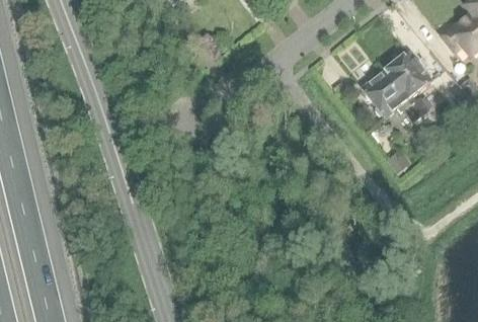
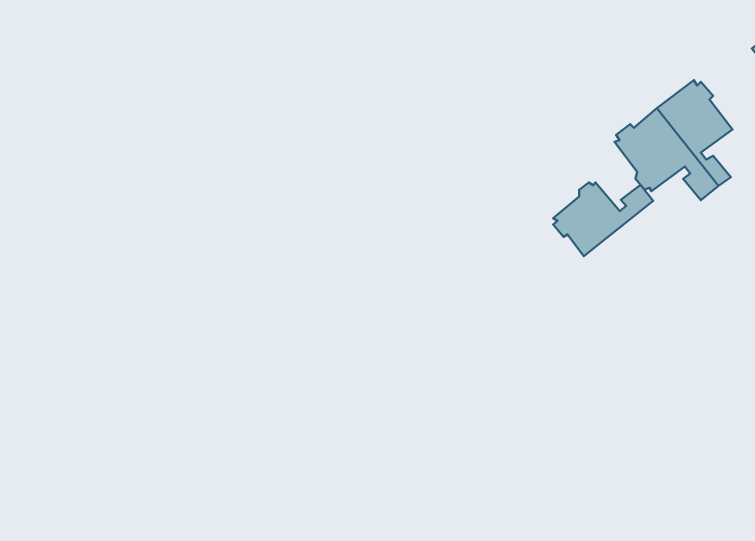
building: none -> [553,182,653,256]

